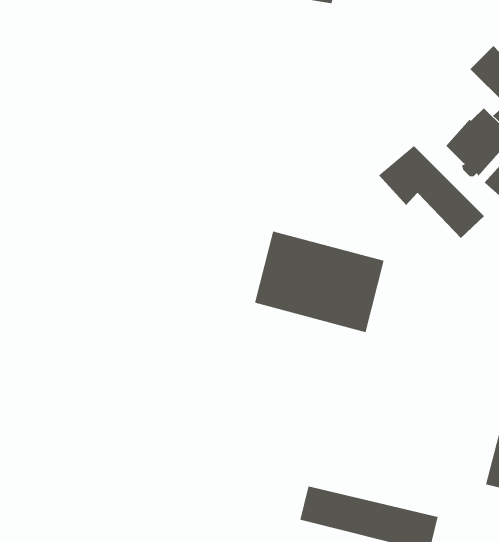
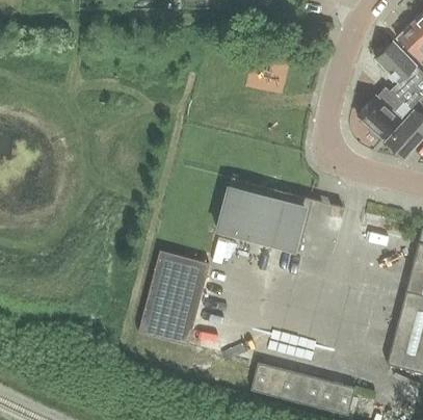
building: [378,145,485,239] -> none
building: none -> [140,252,210,345]

